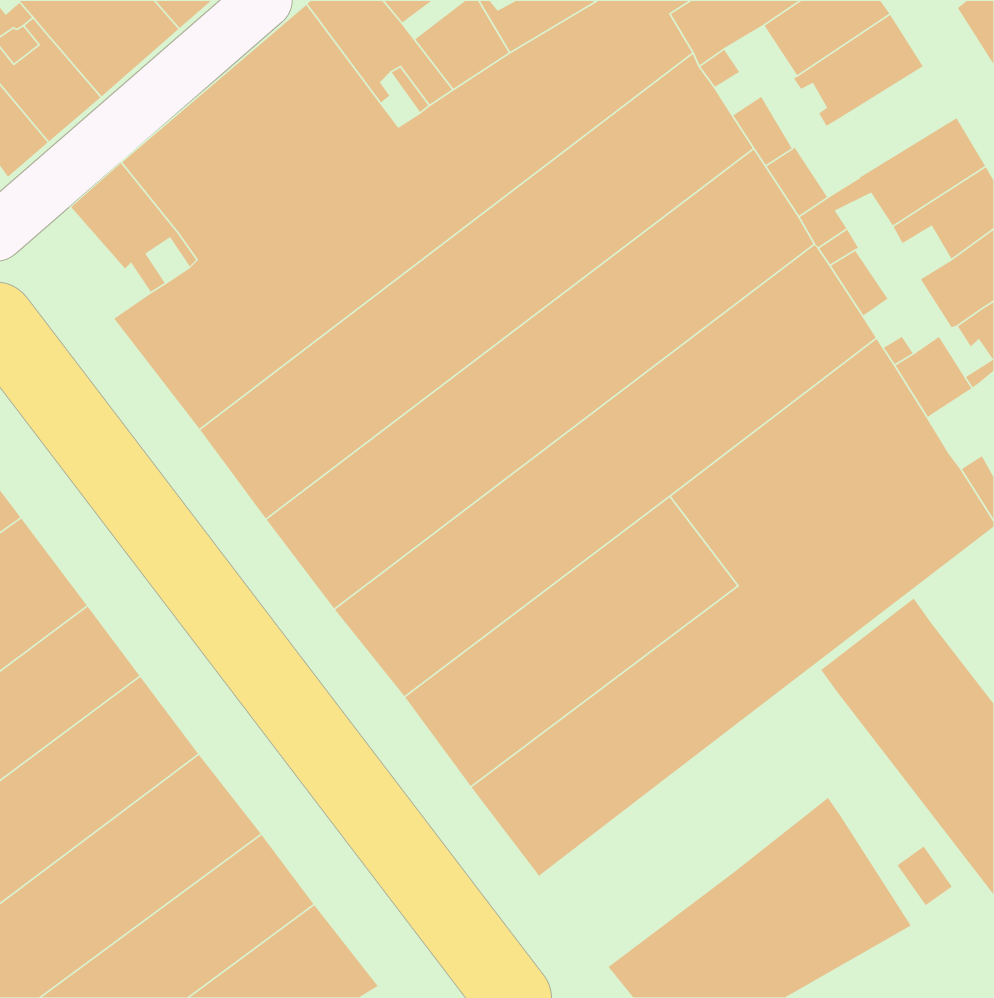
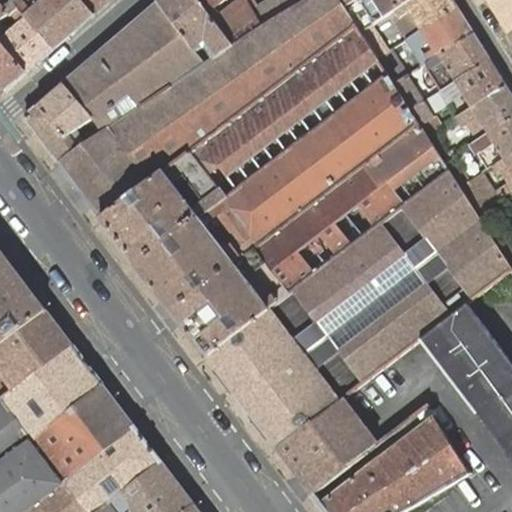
building: none -> [428,34,490,90]
building: none -> [24,106,77,163]
building: none -> [276,399,376,495]

